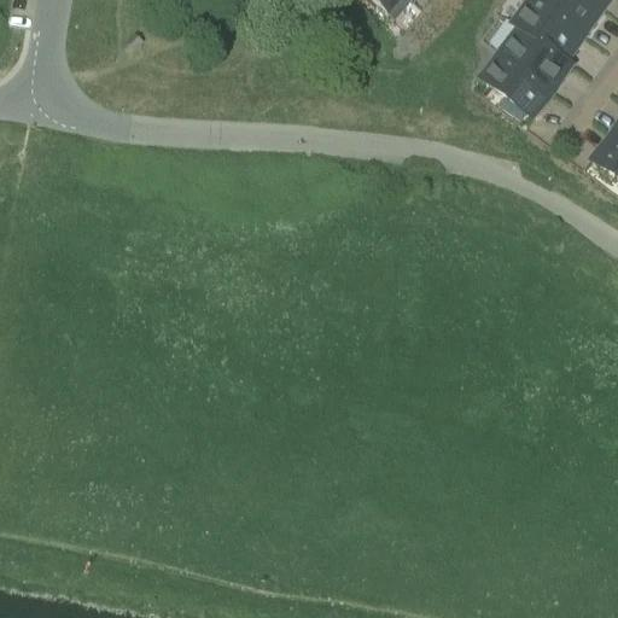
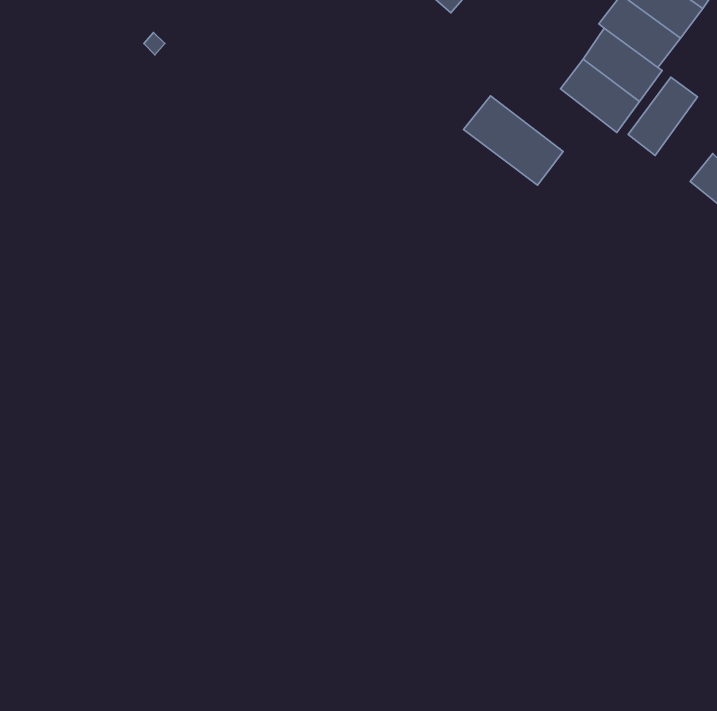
building: none -> [628,77,698,155]
building: none -> [463,96,563,185]

